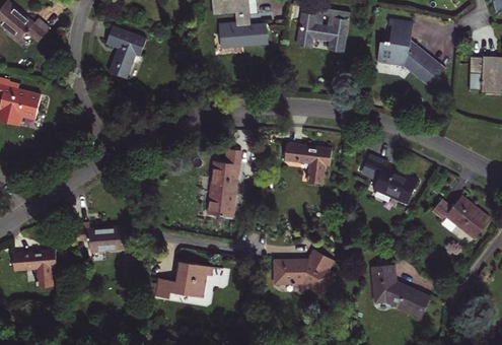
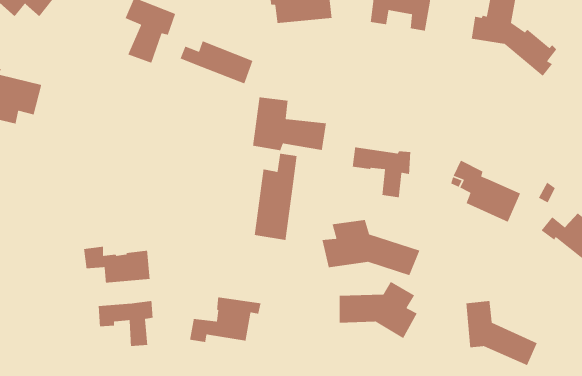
building: none -> [180,40,254,84]
building: none -> [252,97,327,151]
building: none -> [322,219,421,276]
building: [12,250,56,286] -> [98,300,153,347]

